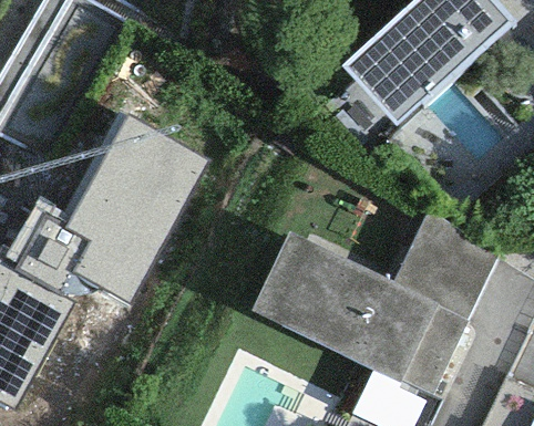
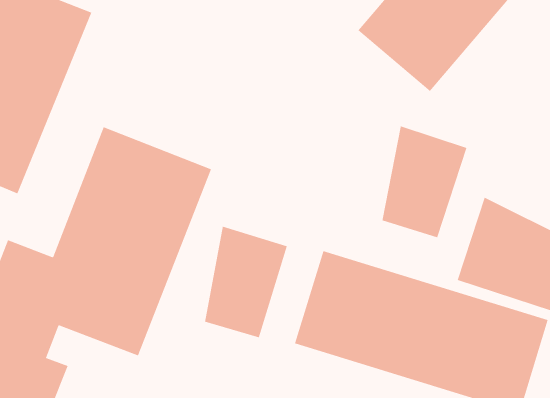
building: none -> [382,126,467,238]
building: none -> [205,226,287,338]

